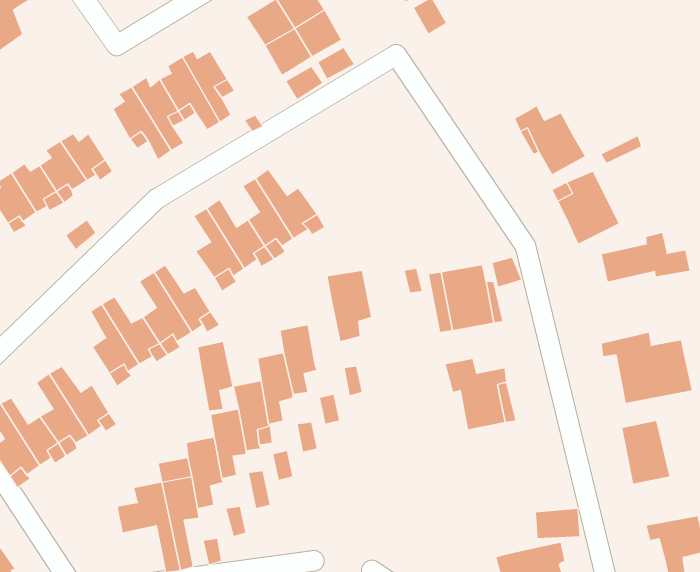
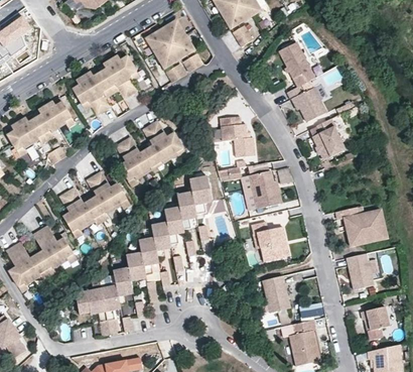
building: none -> [280,43,315,87]
building: none -> [221,116,255,156]
building: [601,232,690,282] -> none
building: [197,342,233,411] -> [176,188,195,225]
building: none -> [262,276,291,327]

